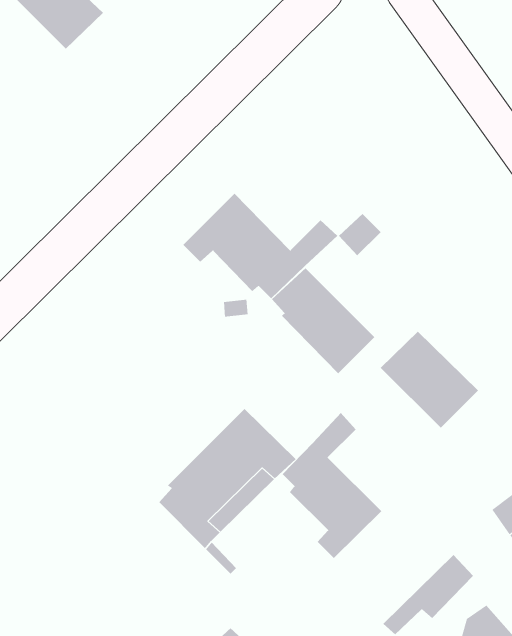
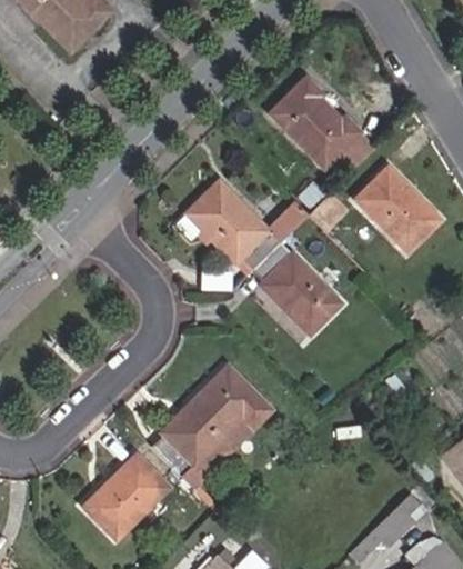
building: none -> [270,77,375,172]
building: [380,331,479,429] -> [354,167,441,252]
building: [282,412,382,559] -> none
building: none -> [83,452,170,539]

